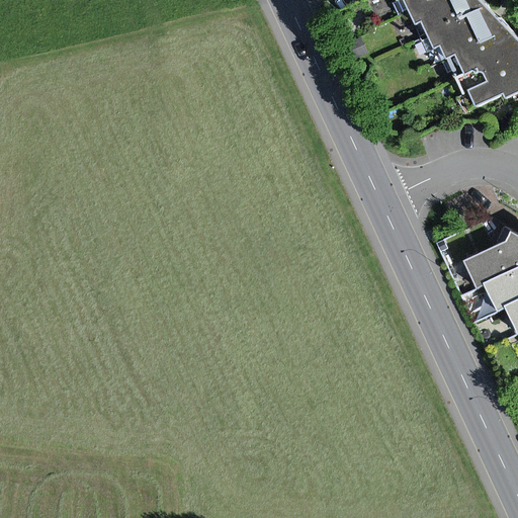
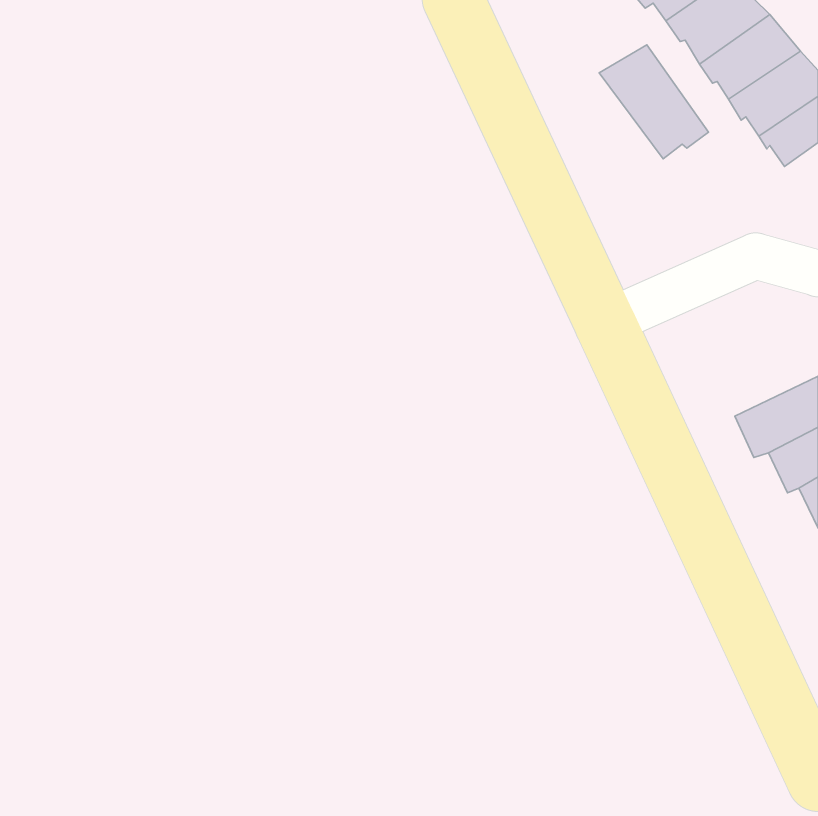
building: none -> [599,45,708,159]

